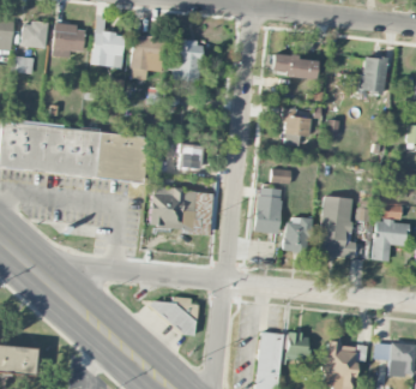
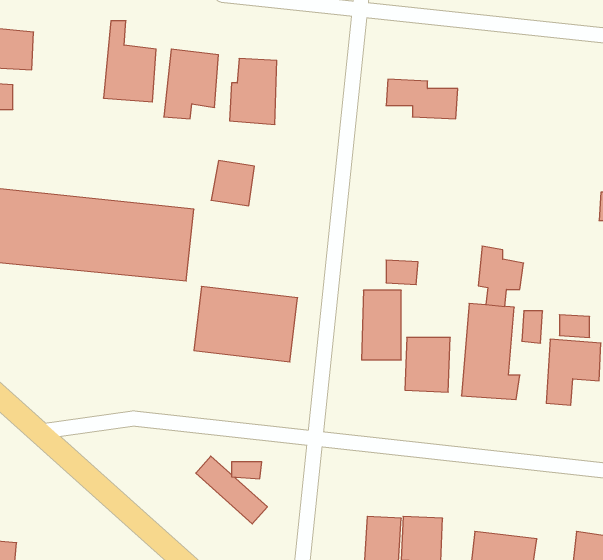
building: [53,25,84,58] -> none
building: [358,56,386,96] -> none
building: [282,108,311,146] -> [478,246,524,306]
building: [175,143,203,172] -> [211,161,254,206]

